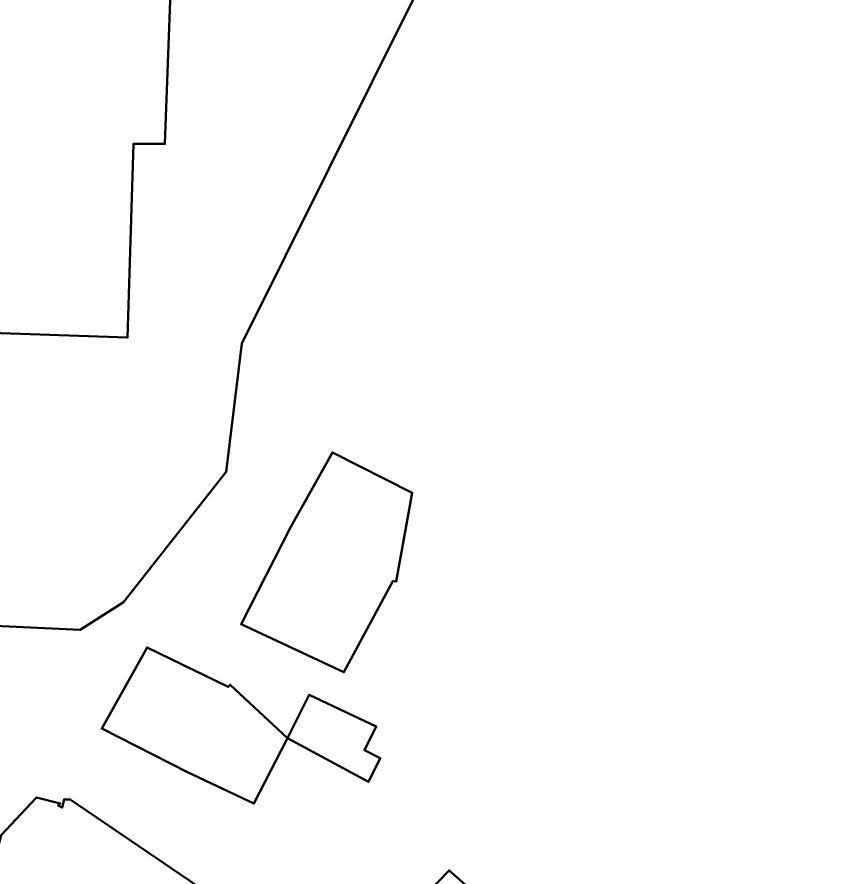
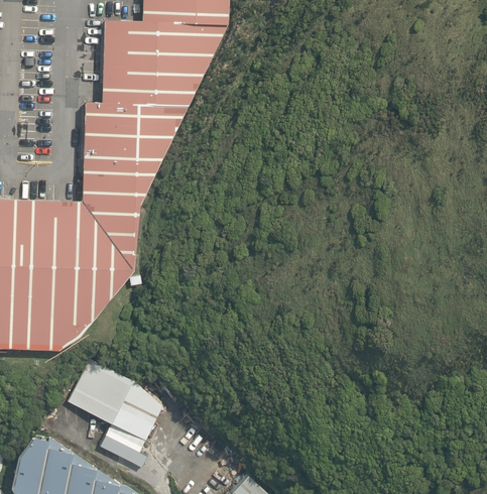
building: [241,452,412,672] -> none
building: [287,695,380,782] -> [100,423,147,468]

